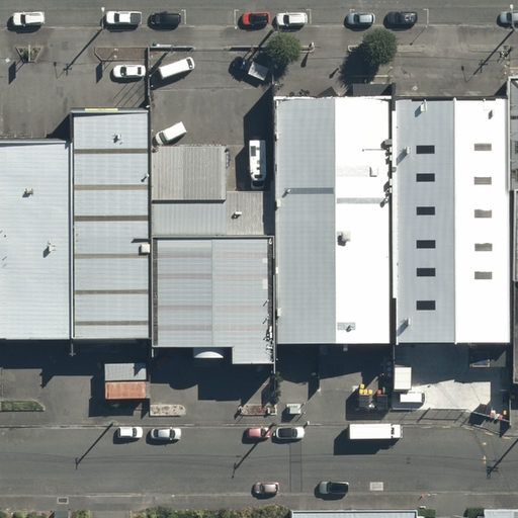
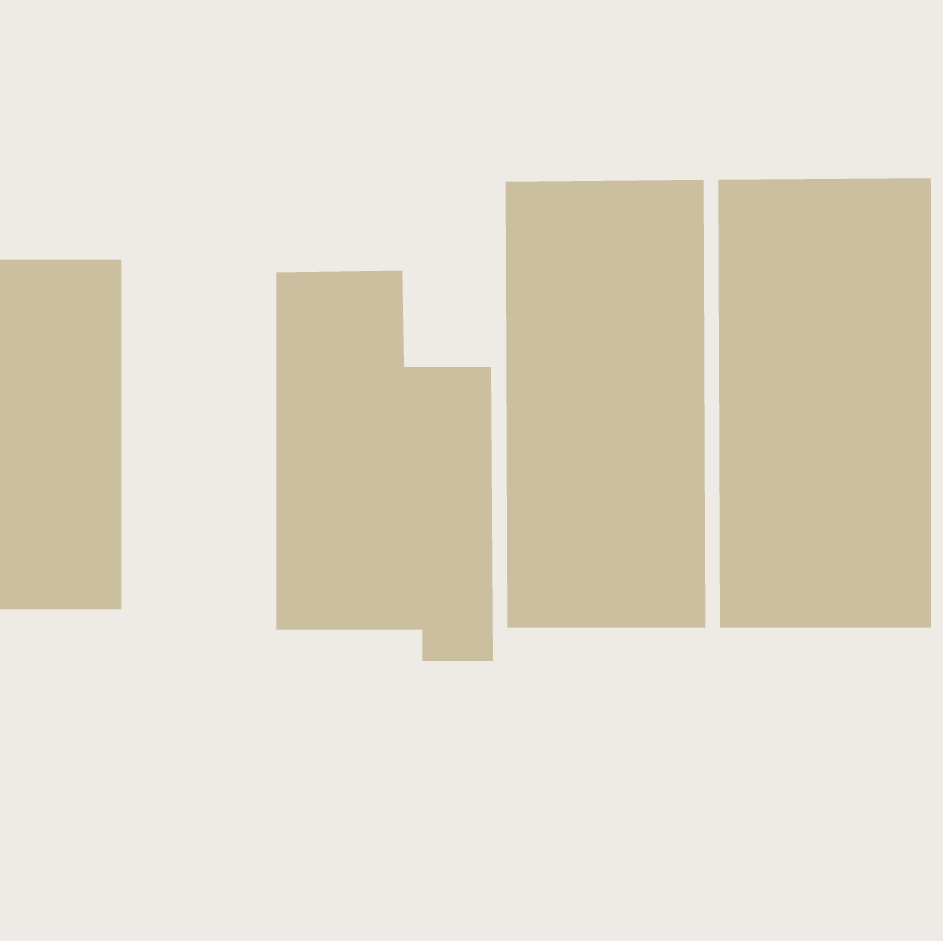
building: [68,112,147,334] -> none

